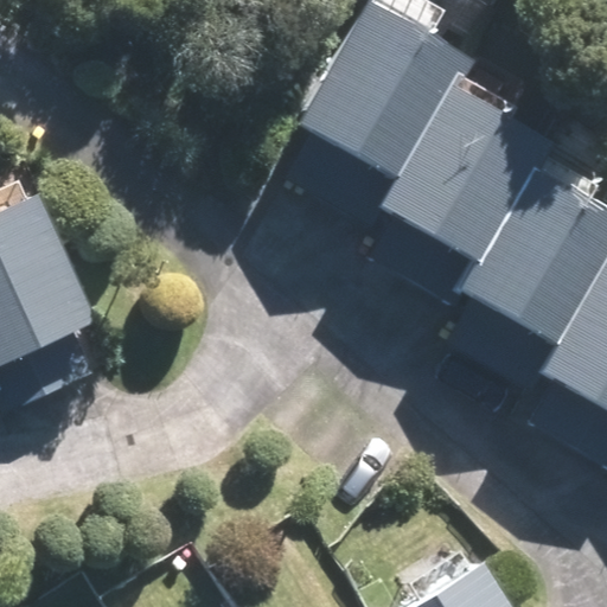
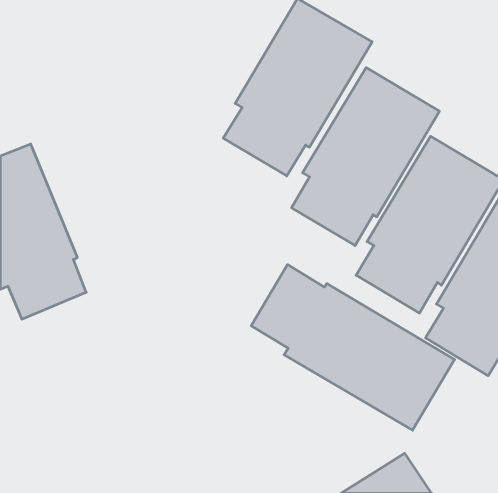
building: none -> [251,265,455,430]

